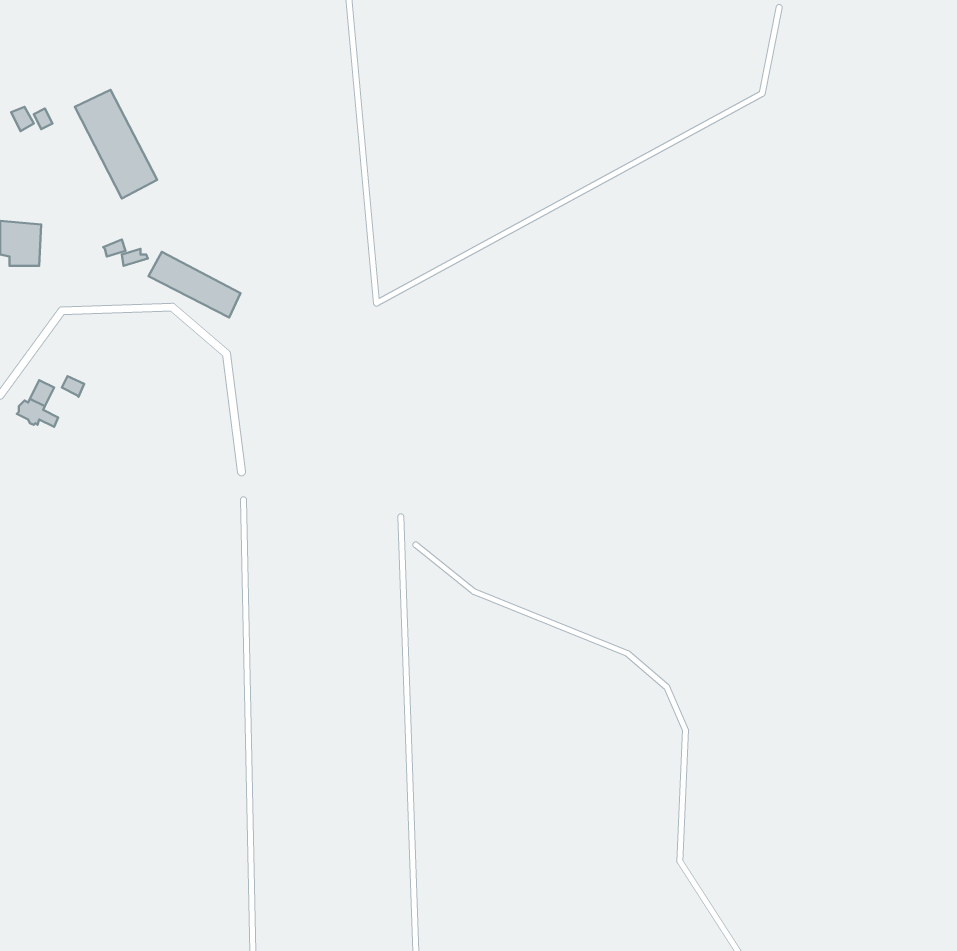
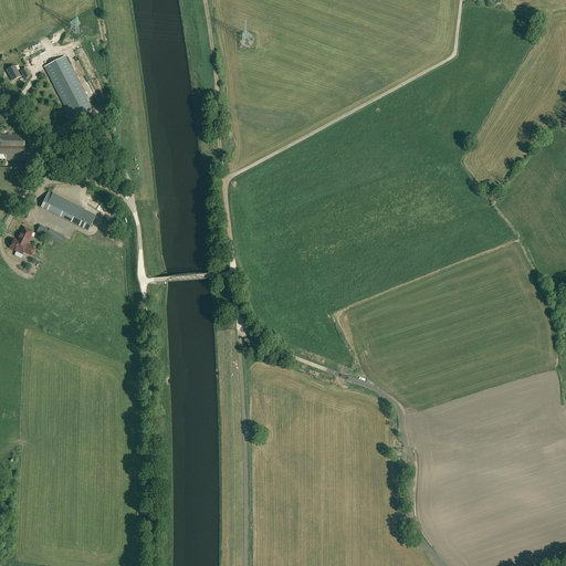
building: [149,252,240,317] -> [41,189,95,228]

